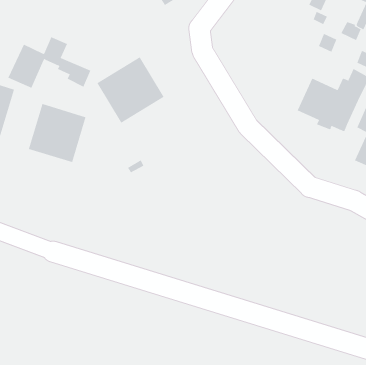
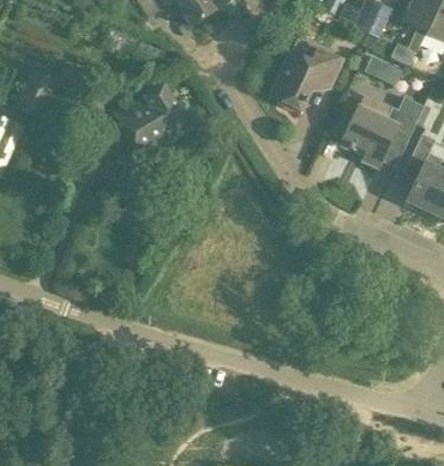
building: none -> [272,47,344,109]
building: [28,103,86,163] -> none

